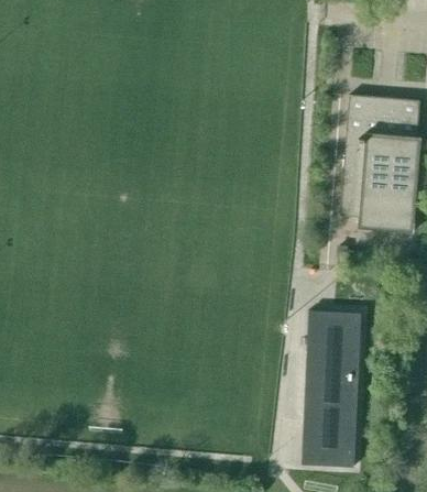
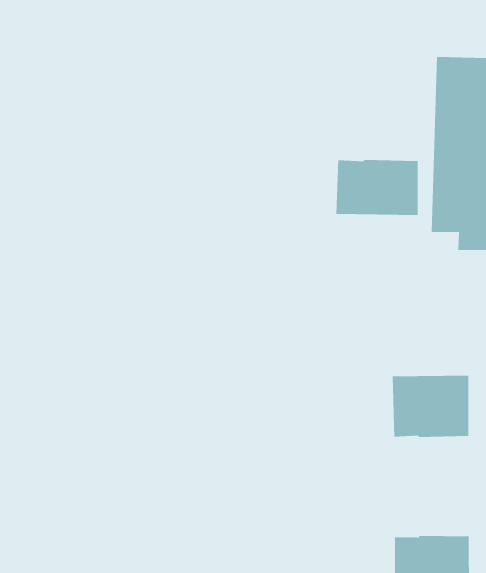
building: none -> [336,159,418,216]
building: [304,353,359,424] -> none

